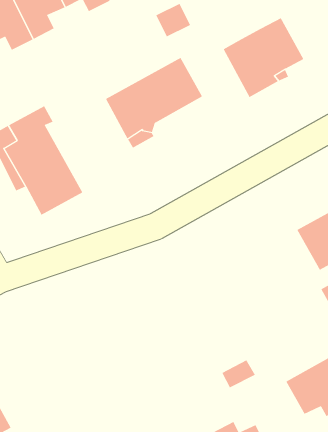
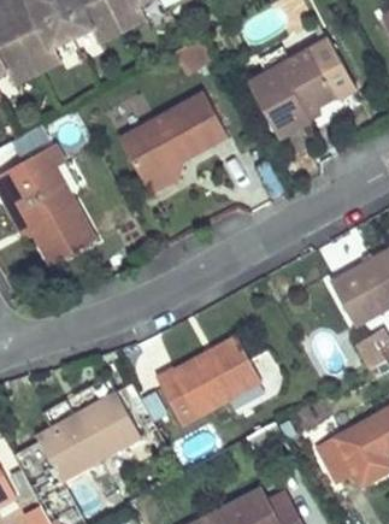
building: none -> [155,337,260,424]
building: none -> [36,390,141,481]

